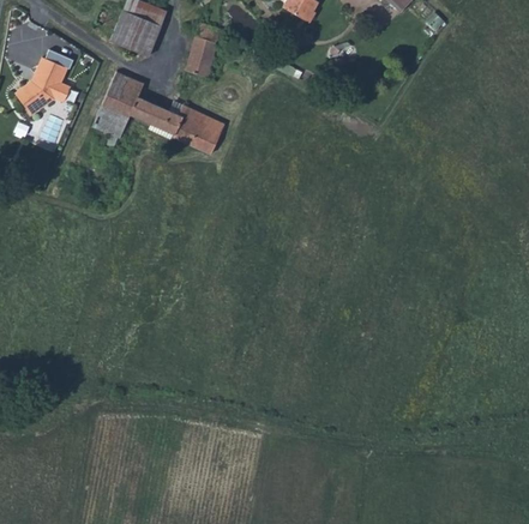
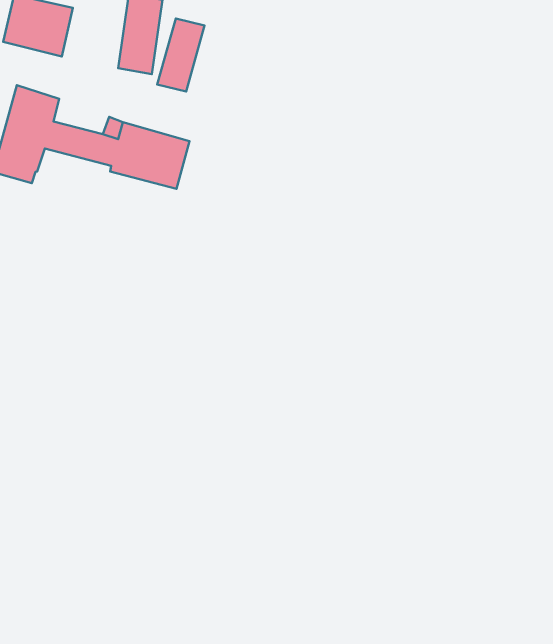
building: none -> [157,18,205,92]

